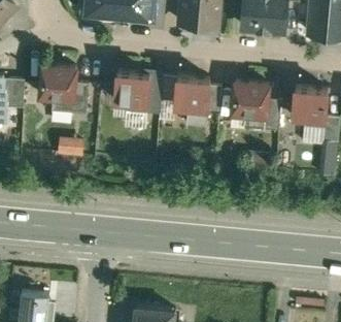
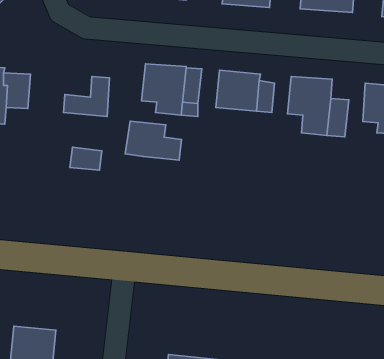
building: [41,65,76,99] -> none
building: none -> [125,121,182,160]

